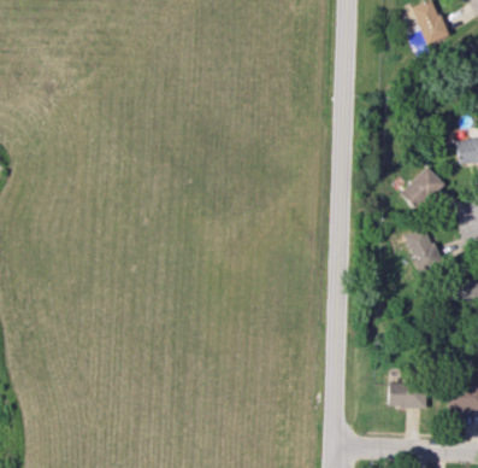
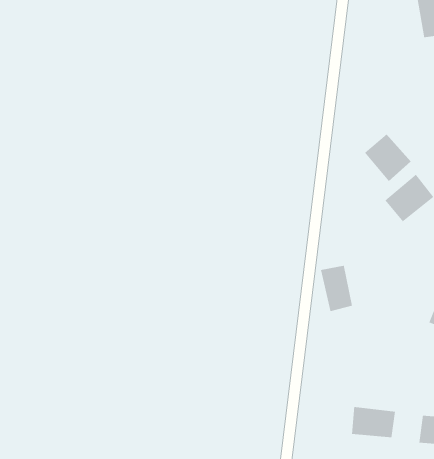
building: none -> [364,133,411,182]
building: [407,228,439,271] -> [320,265,353,312]

